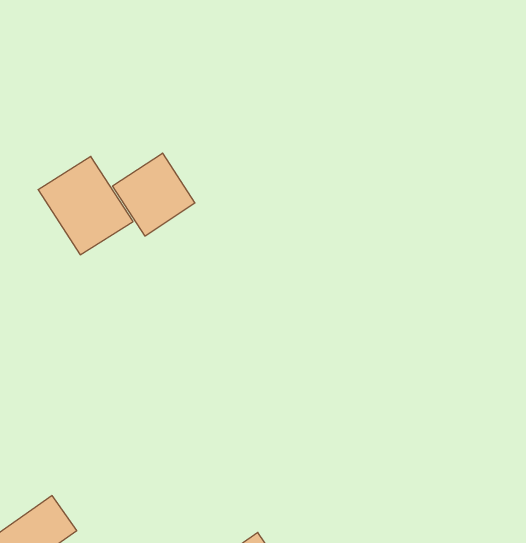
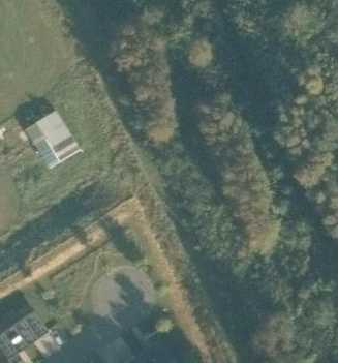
building: [113,153,195,236] -> none

